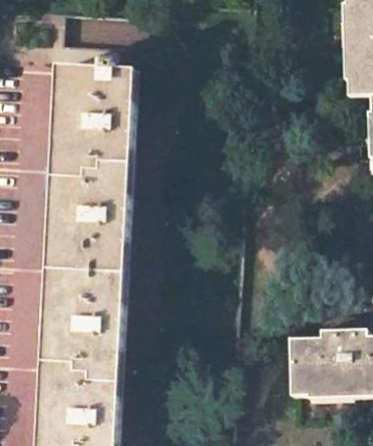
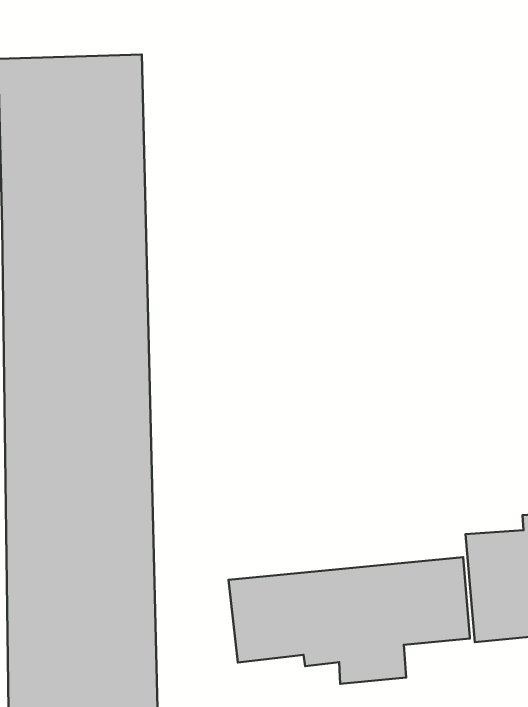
building: none -> [228,557,470,684]

